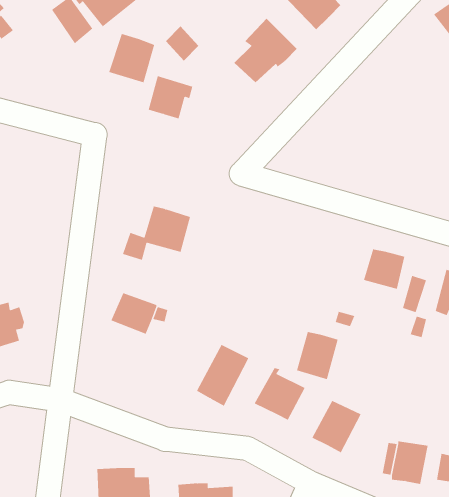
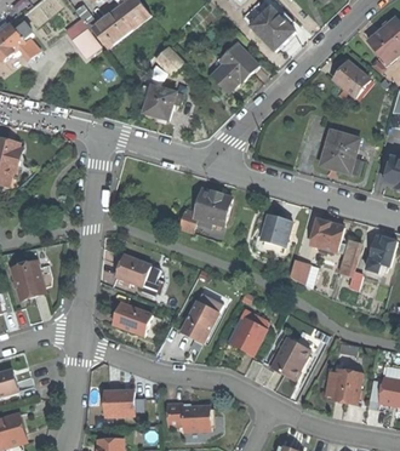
building: [109,33,155,83] -> none
building: none -> [335,63,370,99]
building: none -> [320,129,361,173]
building: [122,206,191,260] -> [177,189,230,232]
building: [296,332,338,380] -> [258,215,291,252]
building: none -> [112,304,161,337]

